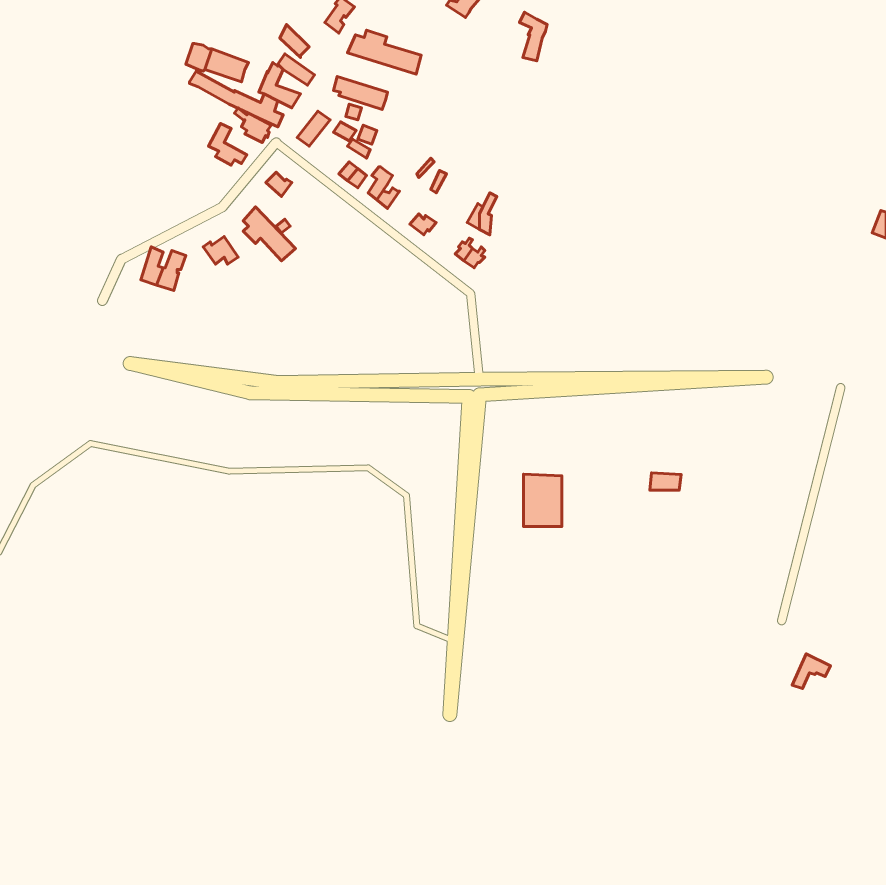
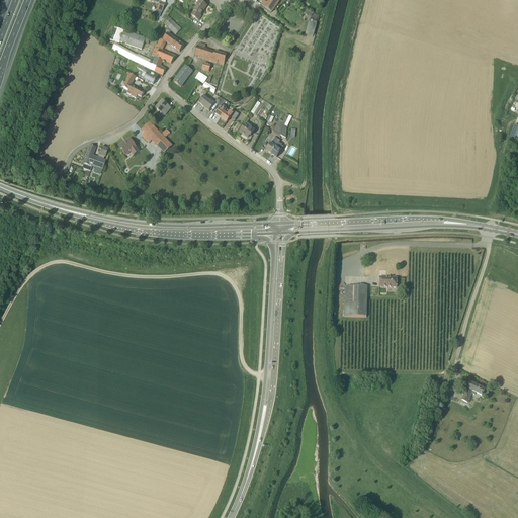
building: [348,30,421,74] -> none
building: [524,474,562,526] -> [344,284,366,315]

